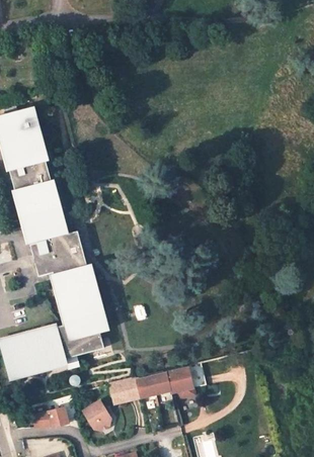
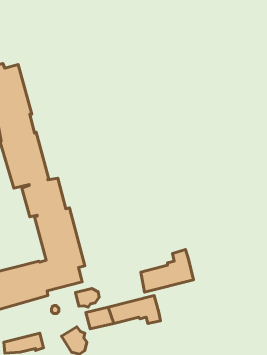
building: none -> [141,250,193,292]
building: none -> [75,288,99,307]

